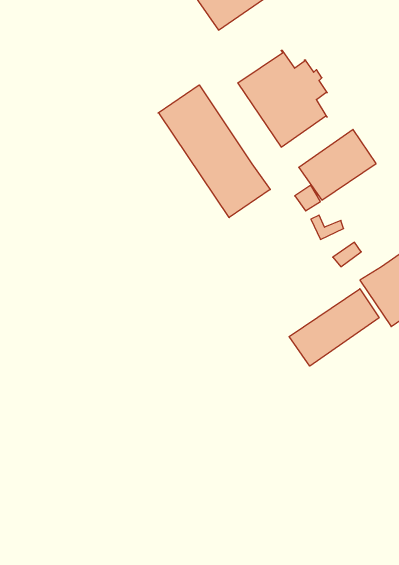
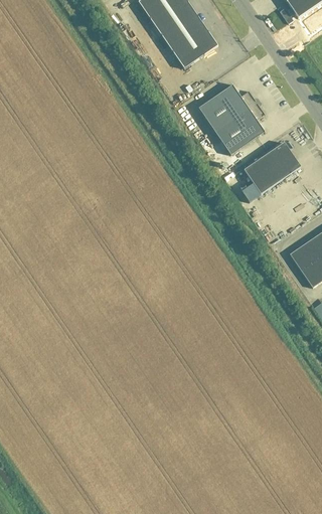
building: [158,85,270,218] -> none
building: [289,289,379,366] -> none

